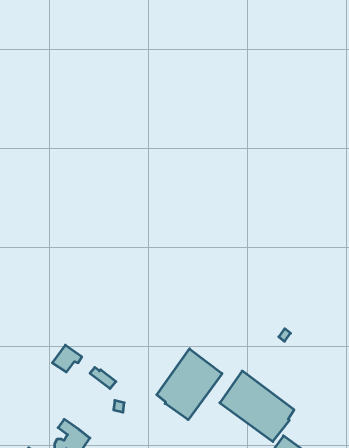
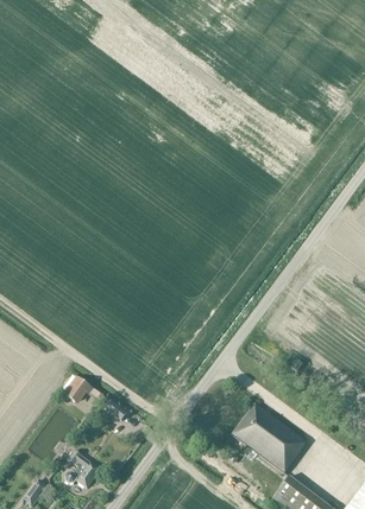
building: [157,349,222,420] -> none

